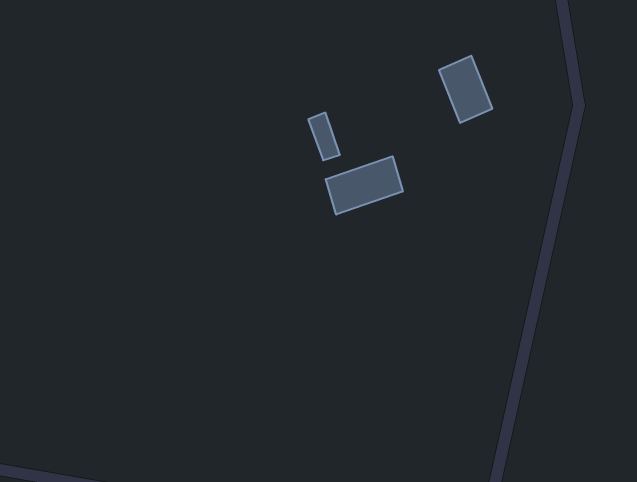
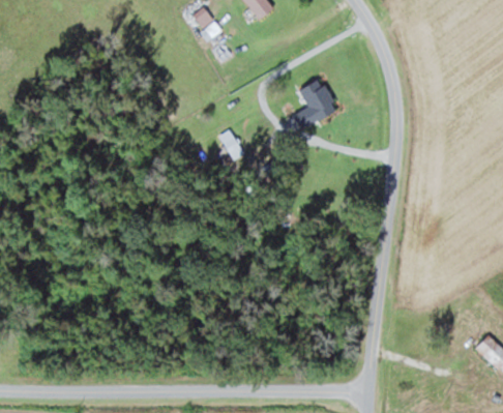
building: [326,156,403,215] -> none

